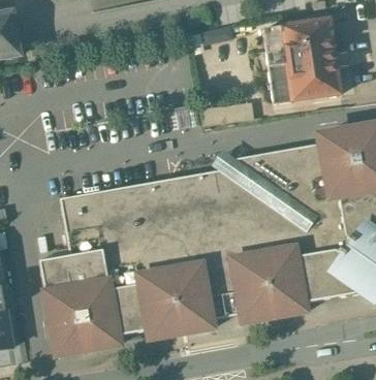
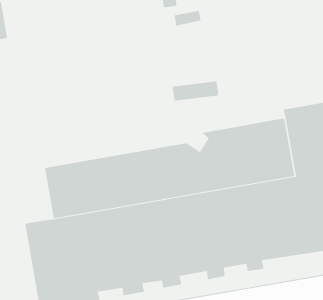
building: [263,18,342,102] -> none

